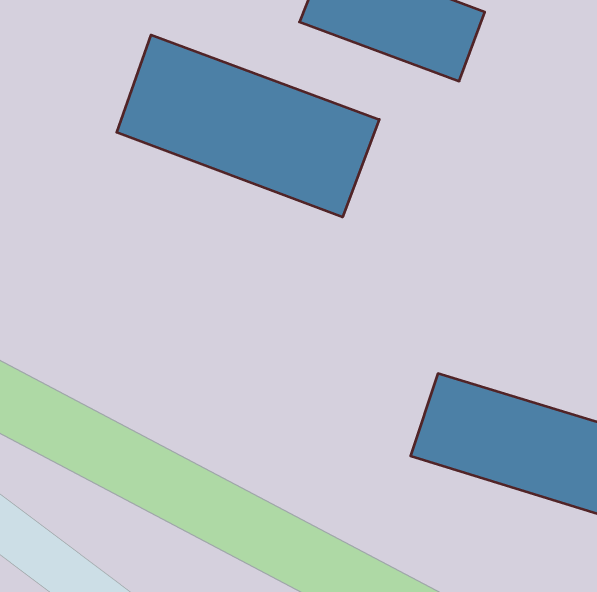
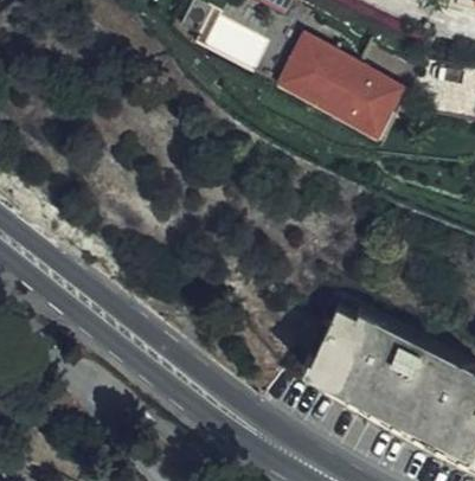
building: [117,35,379,217] -> none

